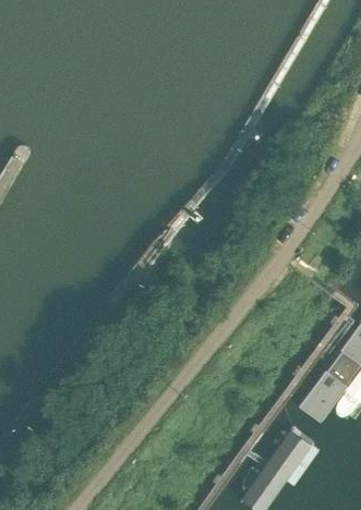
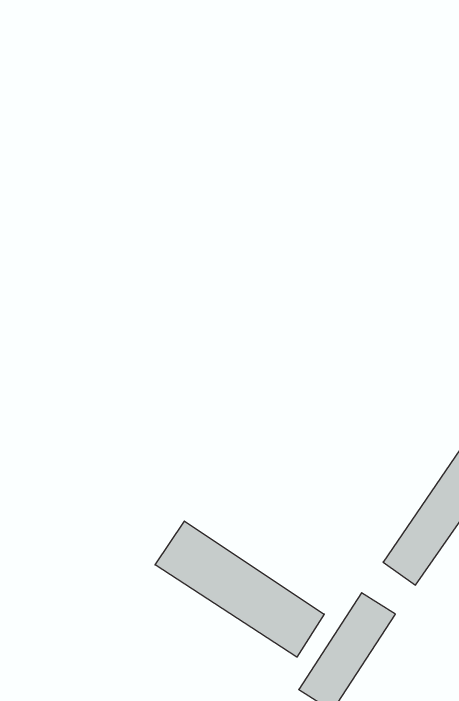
building: none -> [155,521,324,657]

